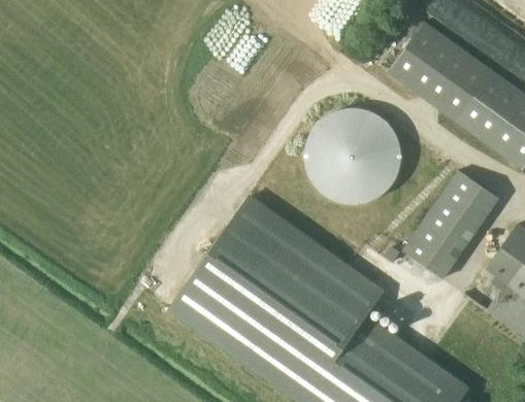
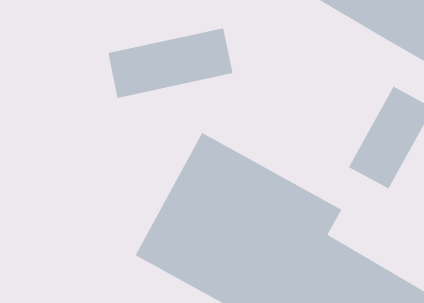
building: none -> [108,27,233,99]
building: [304,110,395,206] -> none

